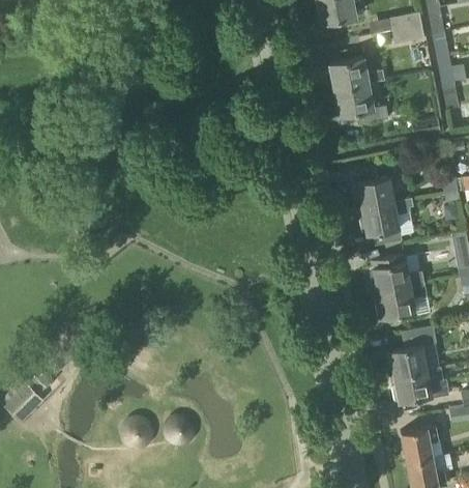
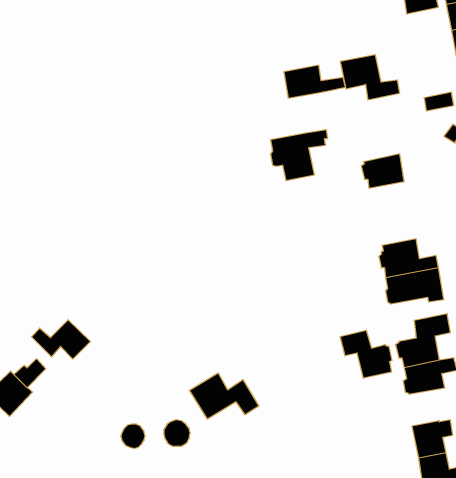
building: [329,58,387,89] -> [284,65,345,98]
building: [360,199,414,247] -> [270,130,328,180]
building: none -> [32,320,90,359]
building: none -> [340,330,392,378]
building: none -> [190,373,259,419]

